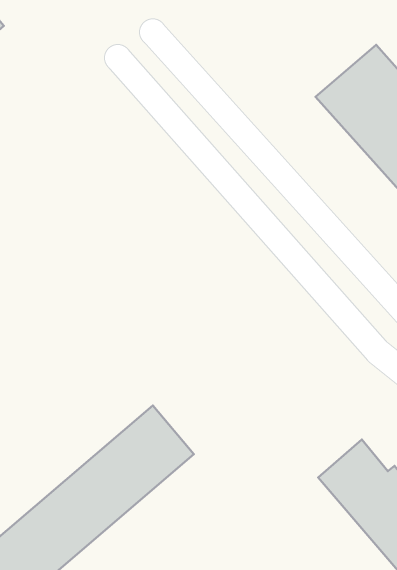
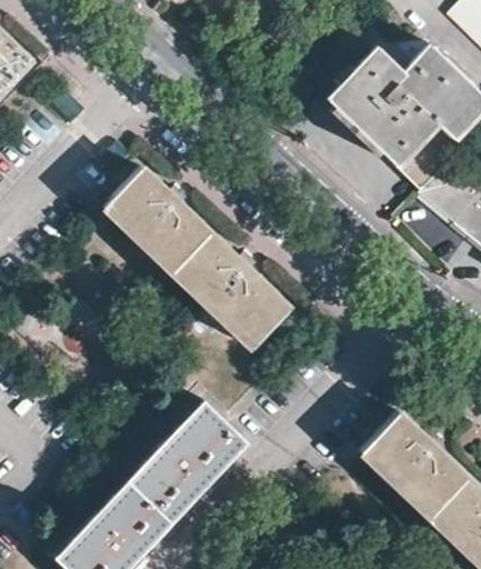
building: none -> [106,171,290,349]

